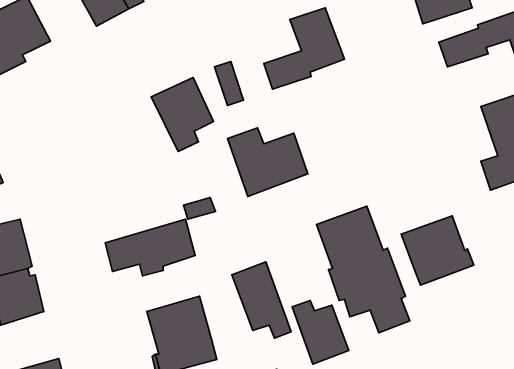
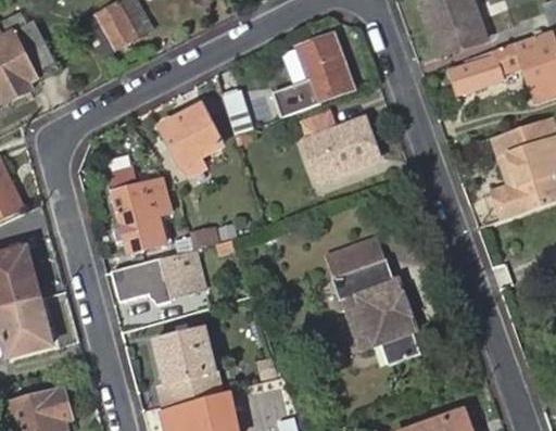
building: [227,128,308,196] -> [298,109,379,178]
building: none -> [106,176,172,252]
building: [401,216,474,285] -> none
building: [232,262,291,338] -> none
building: [292,300,349,364] -> none

